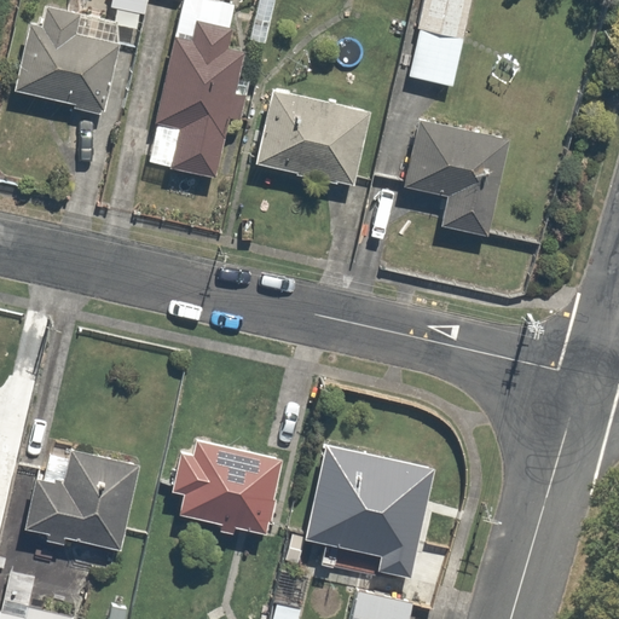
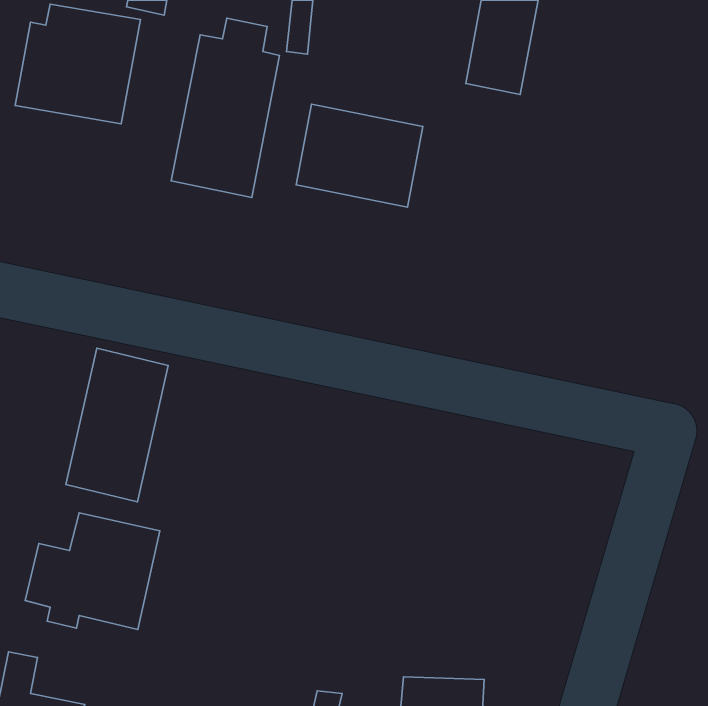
building: [407,121,508,237] -> none
building: none -> [66,348,168,502]
building: [170,441,284,539] -> none
building: [306,445,421,580] -> none

